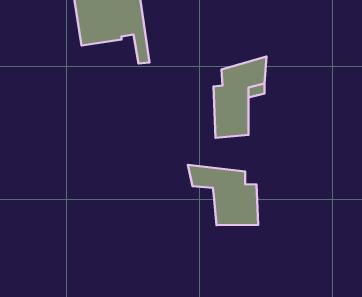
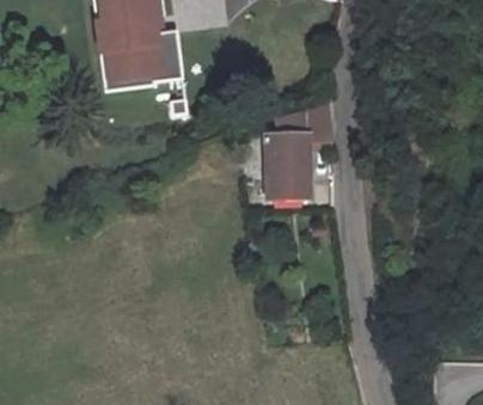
building: [188,165,258,225] -> none

